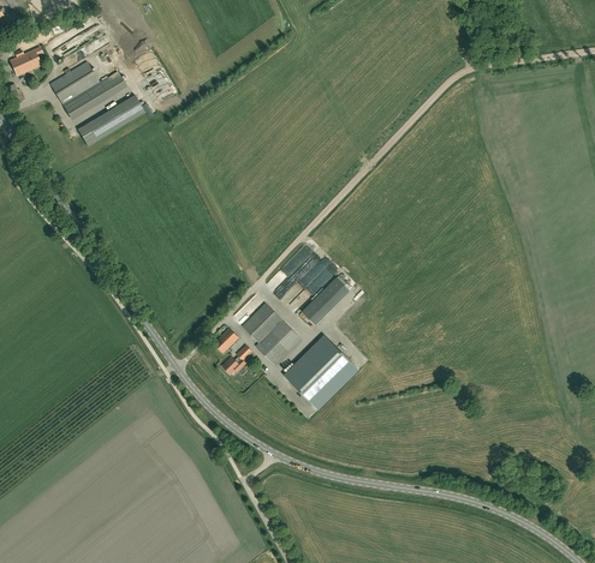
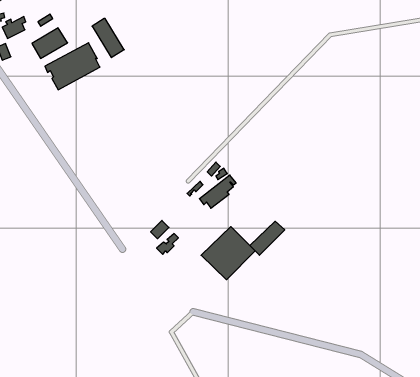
building: [63,67,126,115] -> none
building: [301,277,349,324] -> [250,221,285,255]
building: [242,303,299,364] -> none

